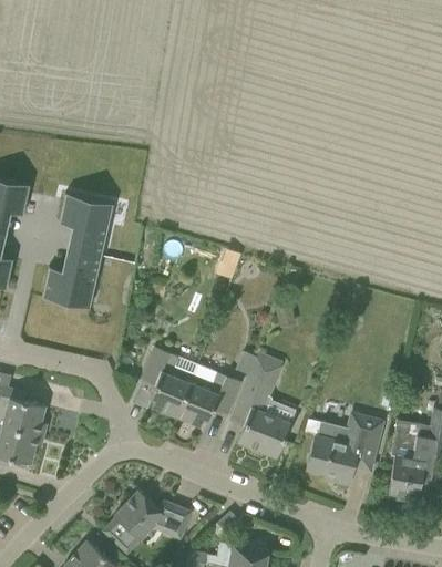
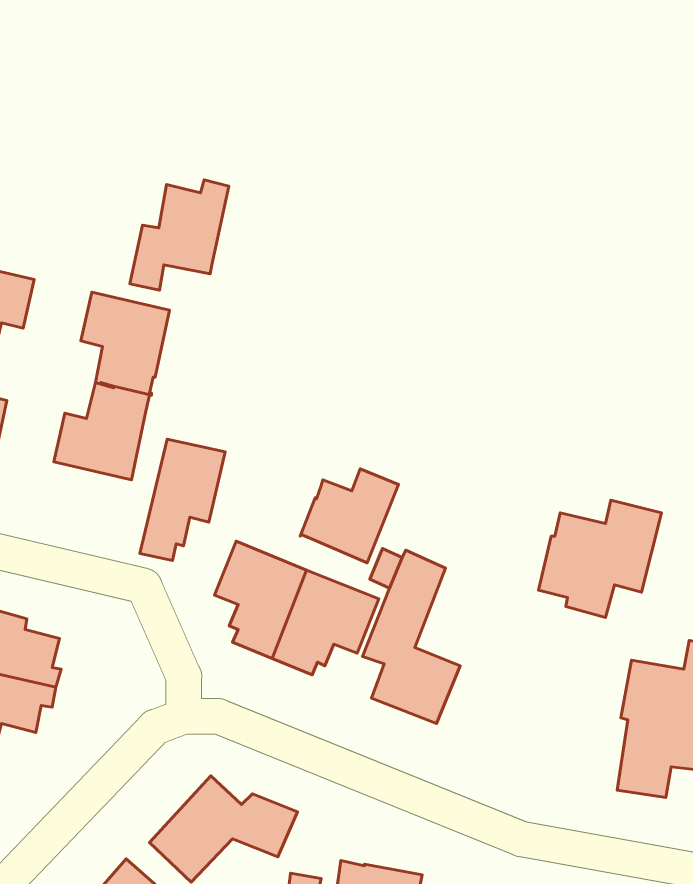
building: none -> [130,180,229,290]
building: none -> [140,439,225,561]
building: none -> [300,469,398,563]
building: [307,413,382,485] -> [539,500,661,617]

